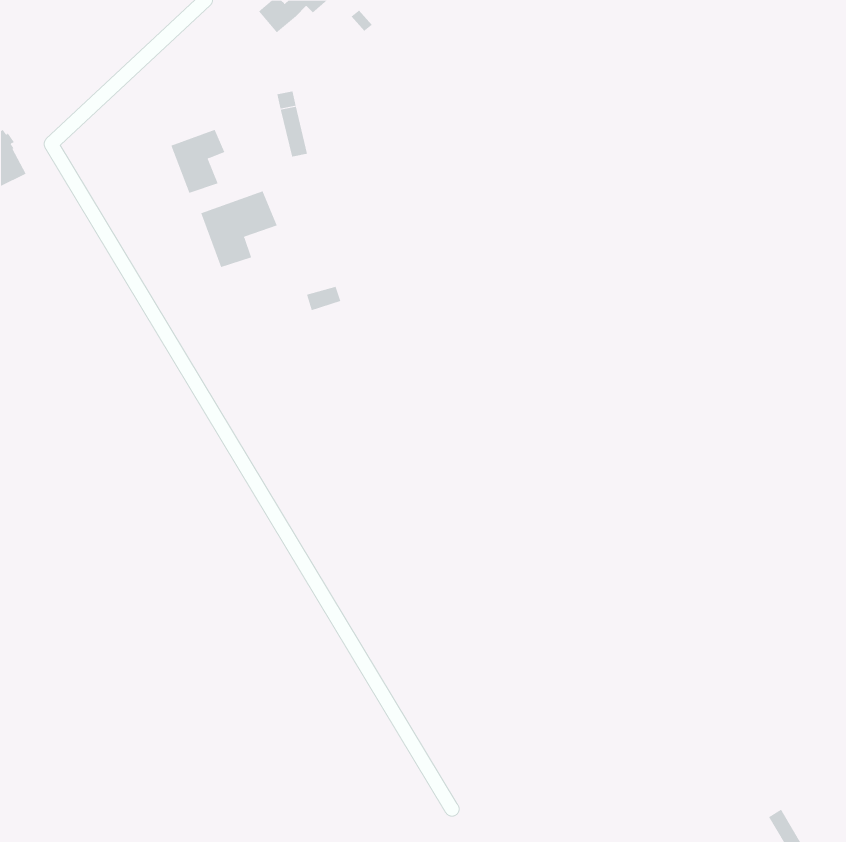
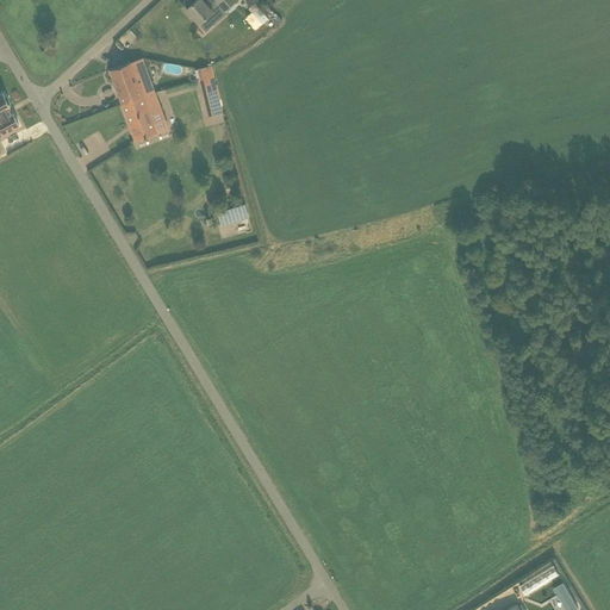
building: none -> [110,60,155,107]
building: [200,190,277,268] -> none

